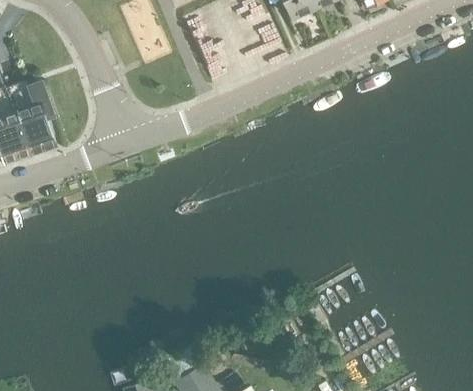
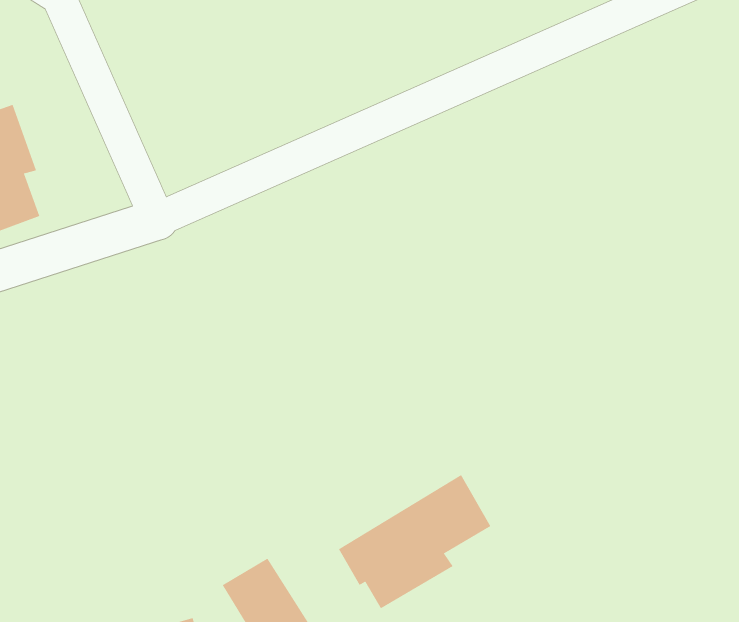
building: none -> [338,474,491,609]

